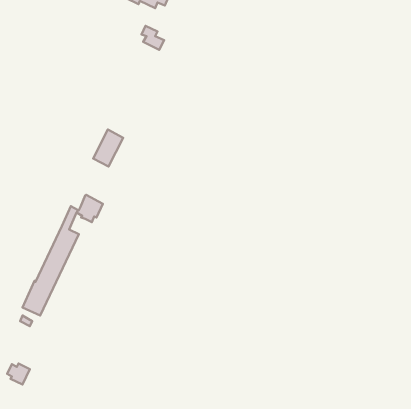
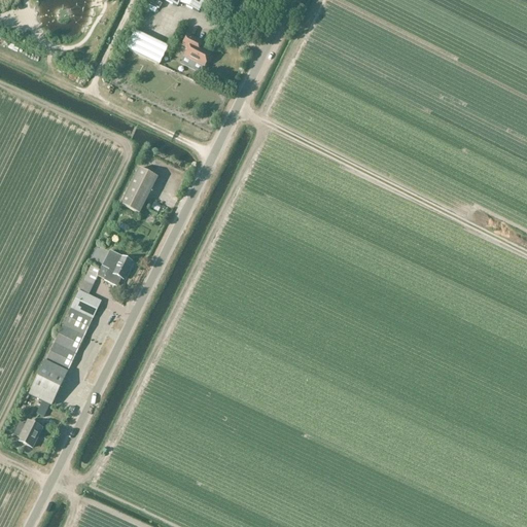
building: none -> [126,29,168,63]
building: [7,364,30,384] -> [12,419,41,446]

